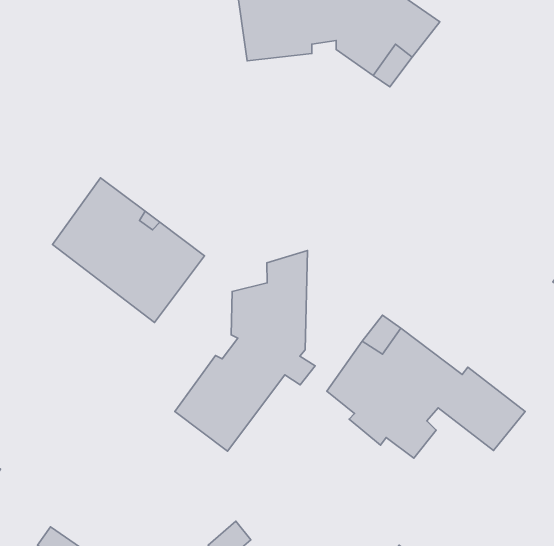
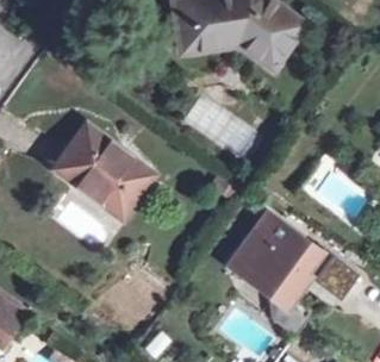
building: [175,251,315,451] -> none

